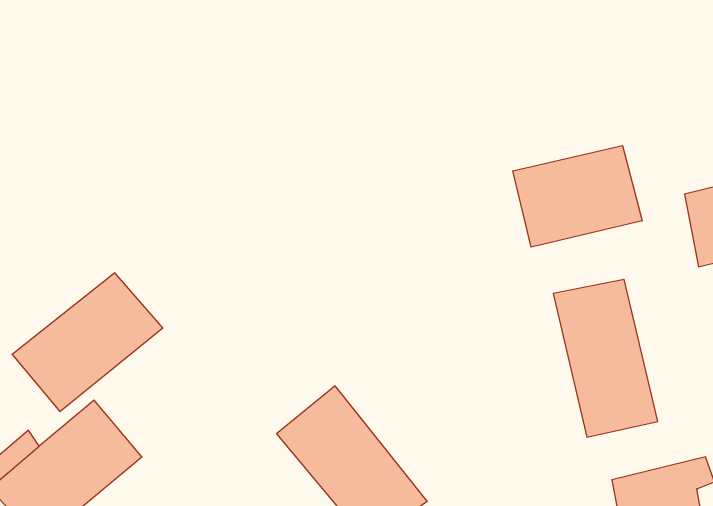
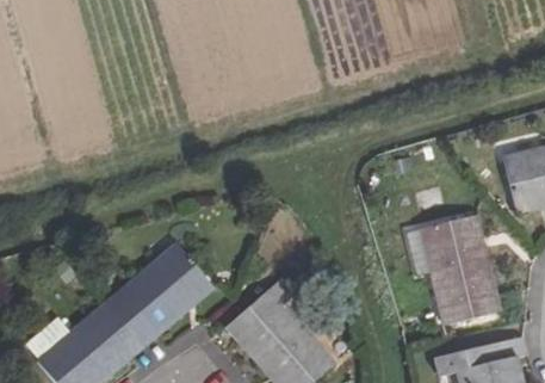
building: [513,146,642,247] -> none
building: [12,273,163,411] -> [111,246,212,339]

